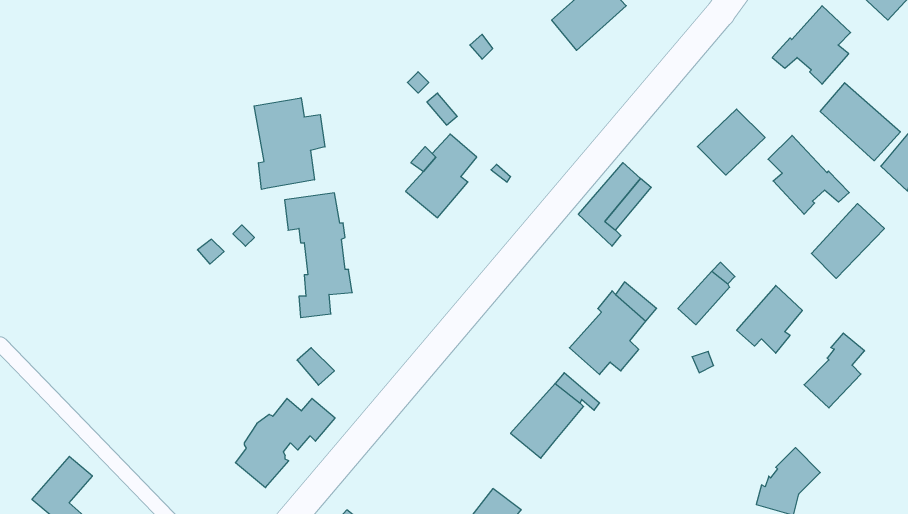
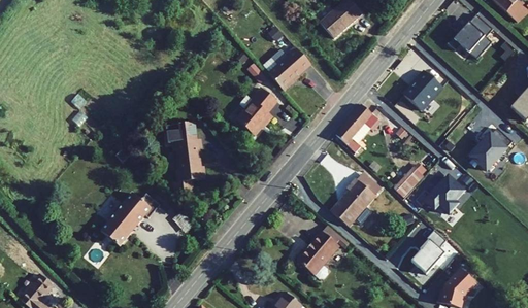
building: none -> [267,46,309,91]
building: [820,83,900,161] -> none
building: [254,98,325,189] -> none
building: [768,135,849,214] -> none
building: [804,333,865,408] -> [411,230,447,273]
building: [235,398,335,488] -> [102,194,160,245]

